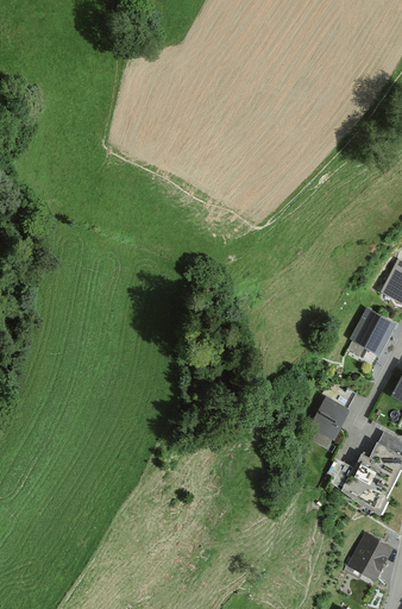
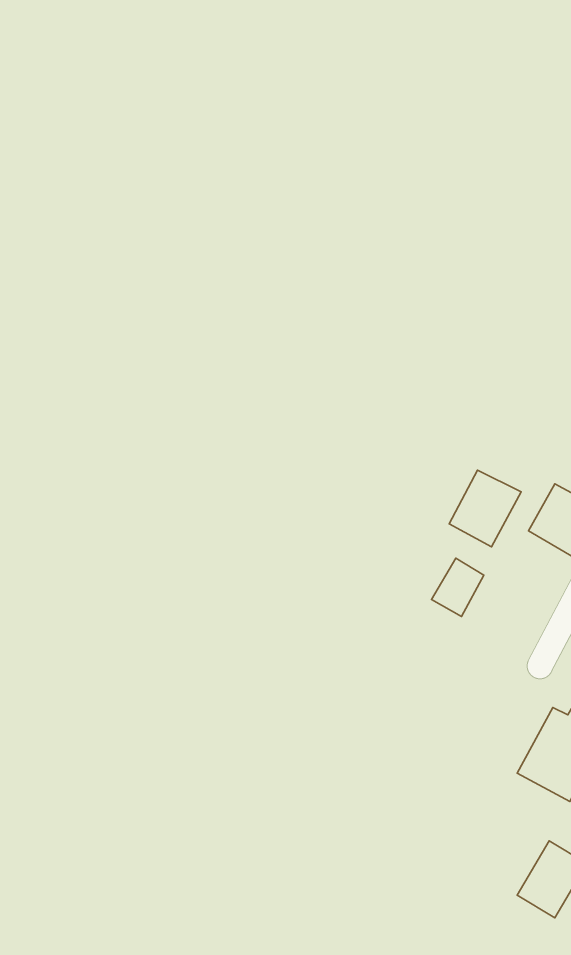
building: none -> [449,470,521,547]
building: [314,401,347,438] -> [431,558,484,616]

